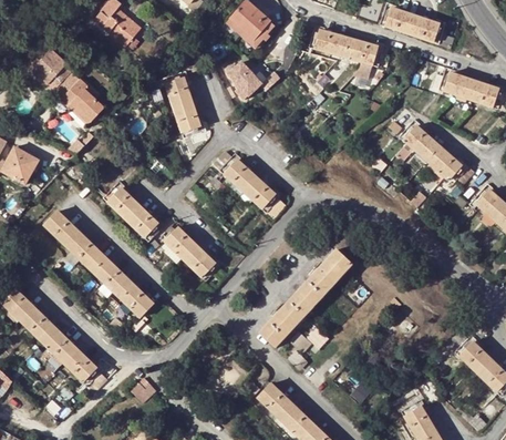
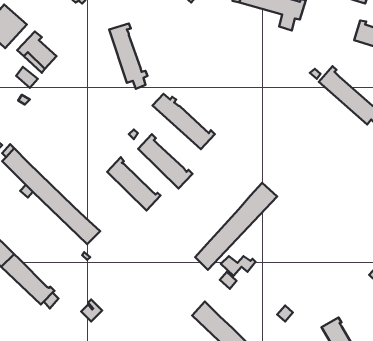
building: [226,61,265,99] -> none
building: [103,180,164,241] -> [138,134,192,189]

